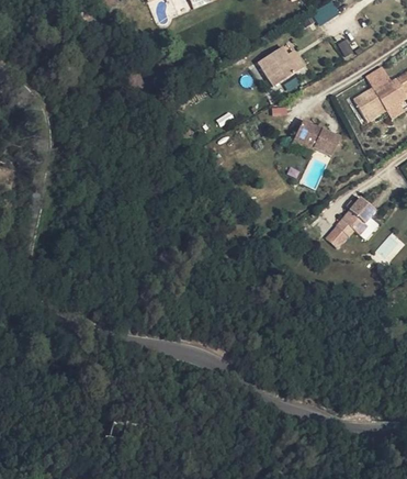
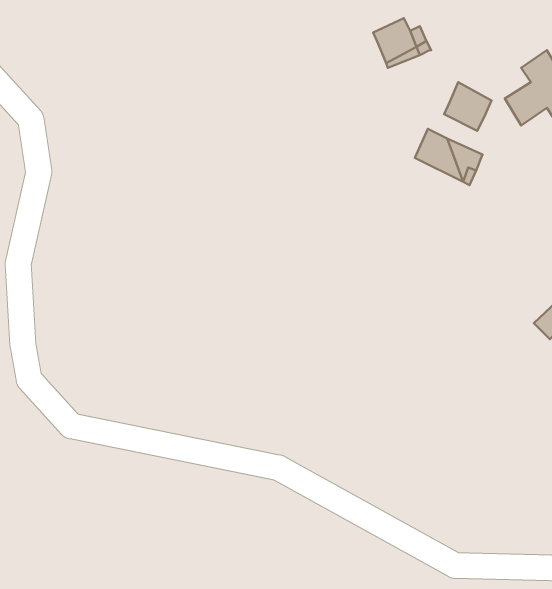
building: none -> [444,82,491,131]
building: [333,198,374,236] -> none

